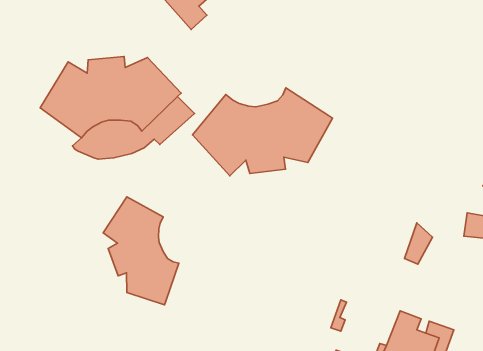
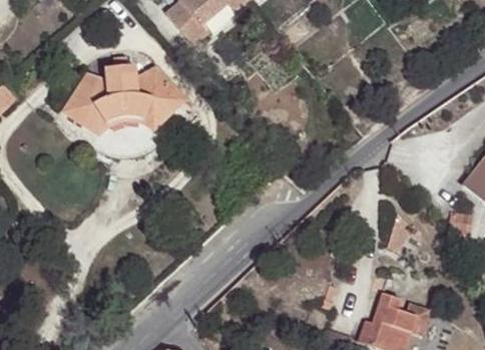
building: [193,88,332,176] -> none
building: [103,197,179,305] -> none

